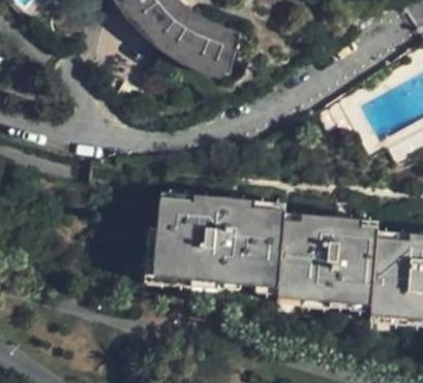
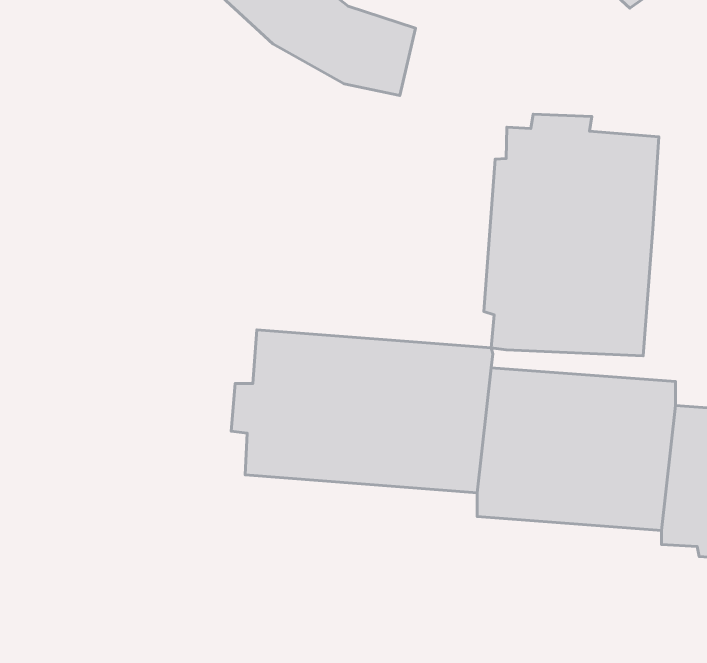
building: none -> [484,114,659,356]

